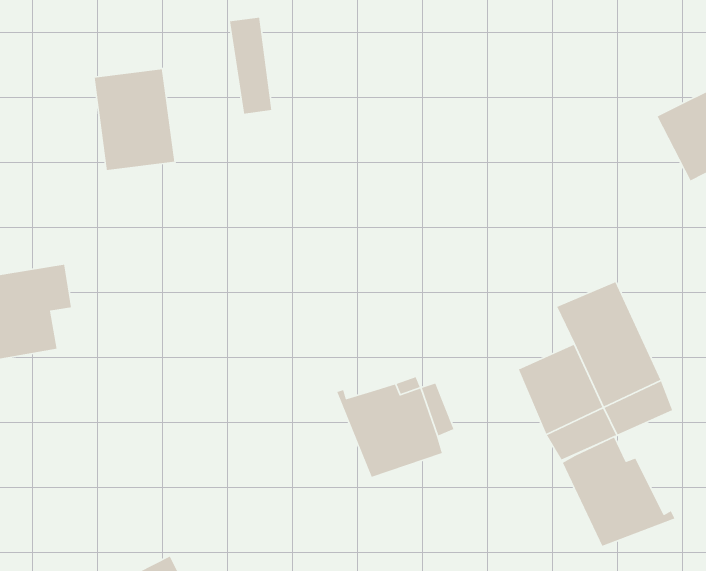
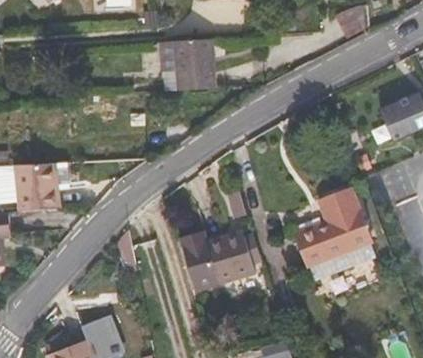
building: [94,69,175,171] -> [175,38,214,89]
building: none -> [181,237,216,288]
building: [562,437,676,547] -> none

